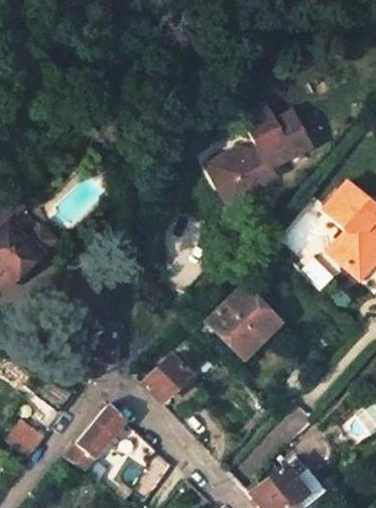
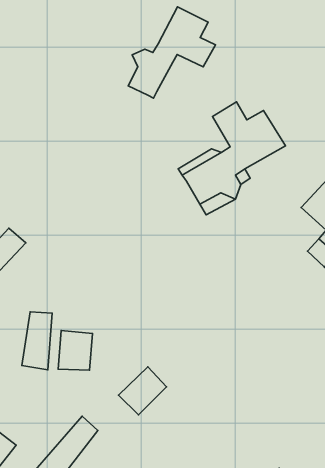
building: none -> [128,7,216,98]
building: [213,289,279,357] -> none
building: none -> [22,312,52,370]

